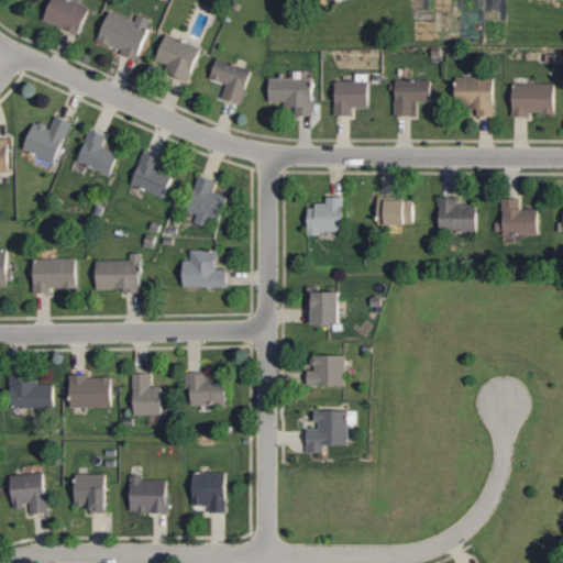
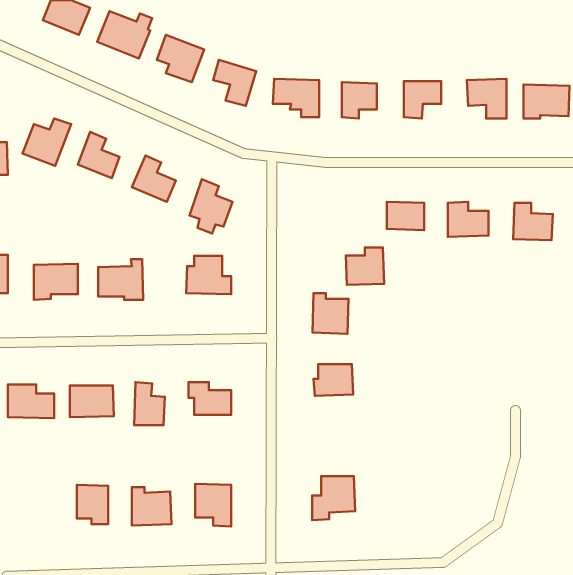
building: [306,198,343,234] -> [346,248,384,285]
building: [306,411,347,454] -> [312,476,355,520]
building: [8,473,46,515] -> none

